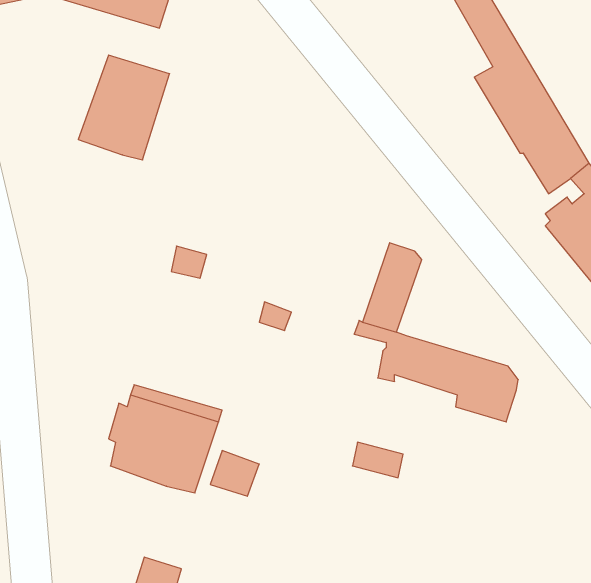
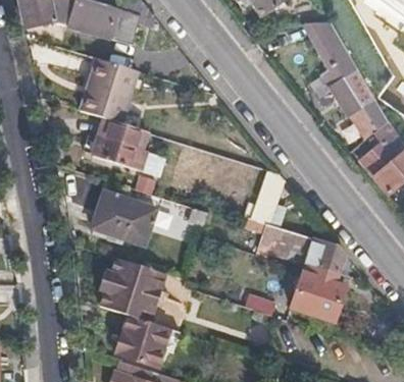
building: none -> [93,118,148,171]
building: none -> [91,193,155,243]
building: none -> [291,269,343,321]
building: none -> [117,318,170,369]

